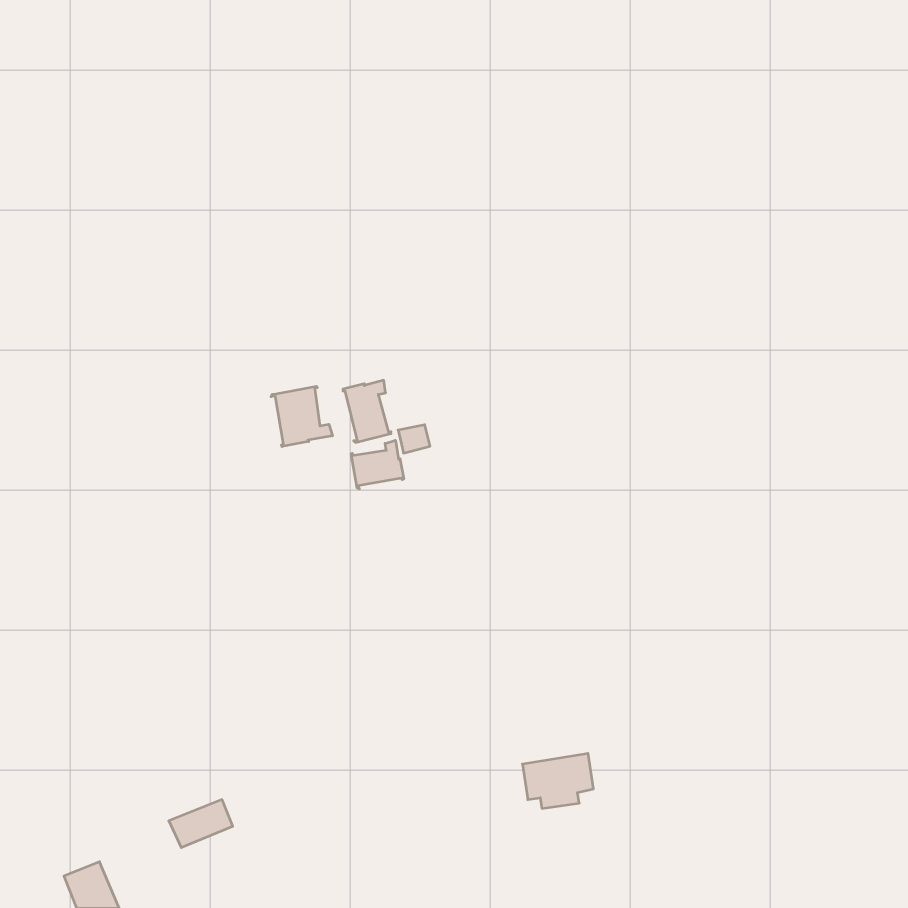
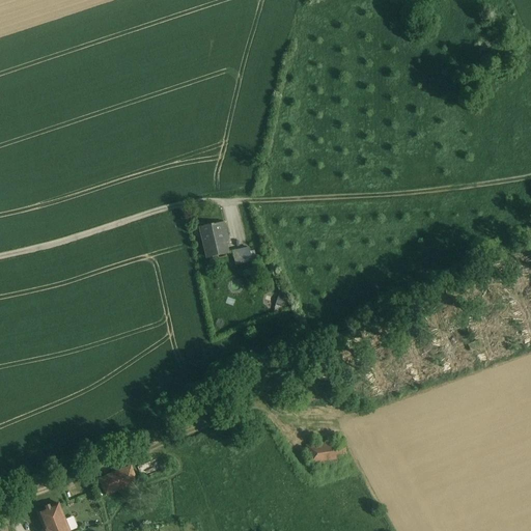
building: [271,386,332,447] -> none
building: [351,440,404,489] -> none

